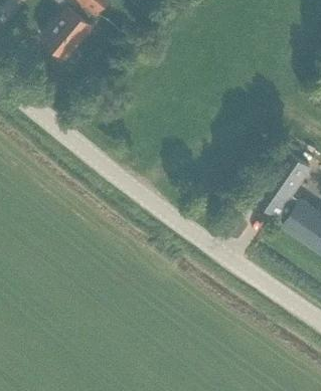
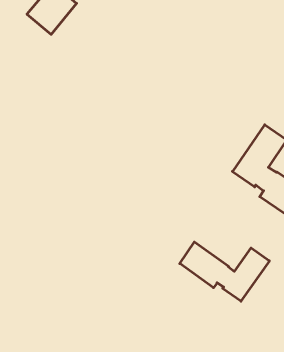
building: none -> [180,242,269,301]

